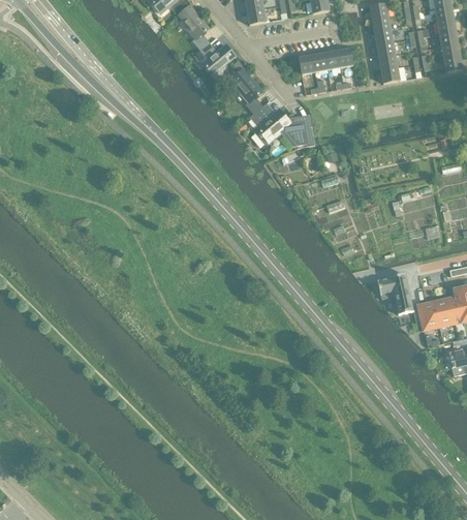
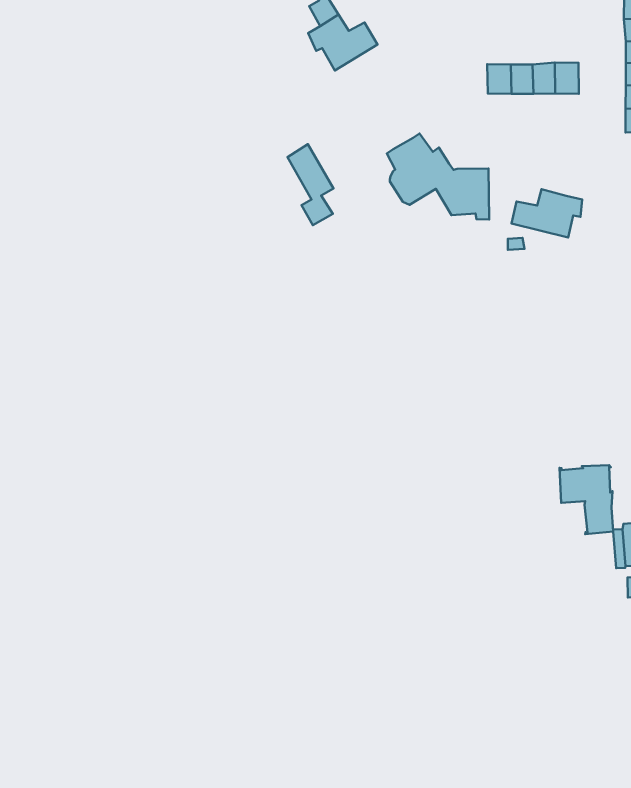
building: [232,67,263,113] -> [287,144,333,225]
building: none -> [512,189,582,238]

